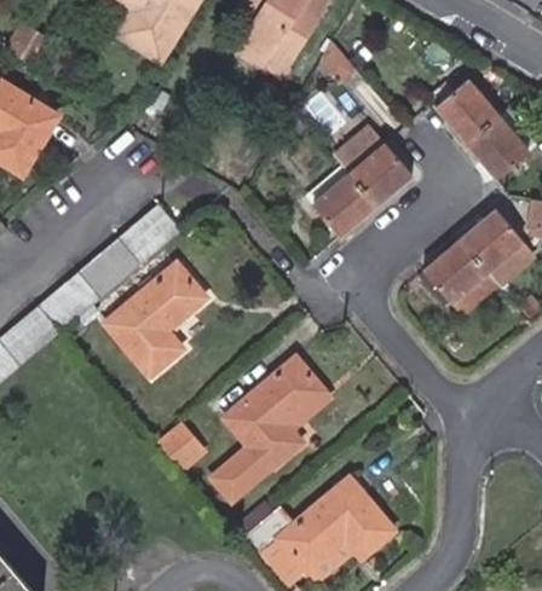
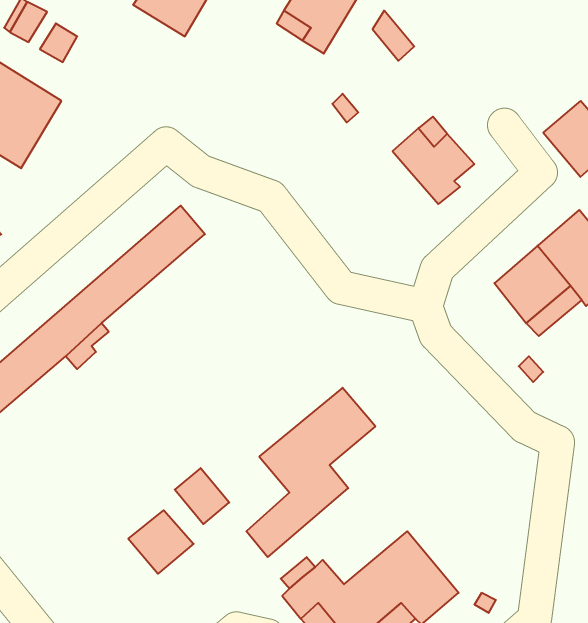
building: [433,80,496,143] -> none
building: [312,173,376,236] -> none
building: [105,263,206,375] -> none
building: none -> [128,510,194,574]

